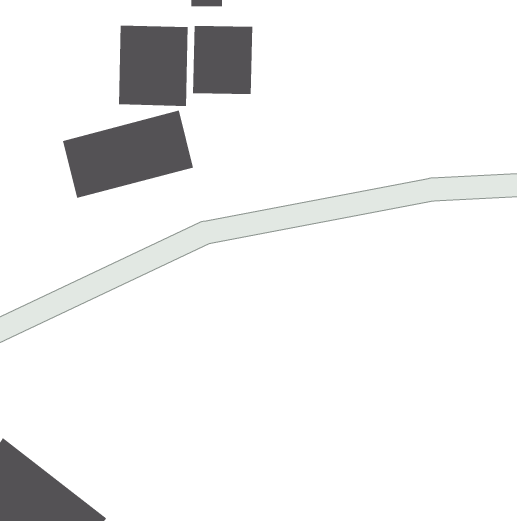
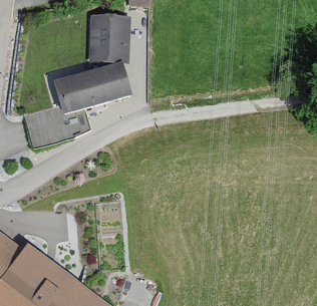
building: [193,25,253,95] -> none

